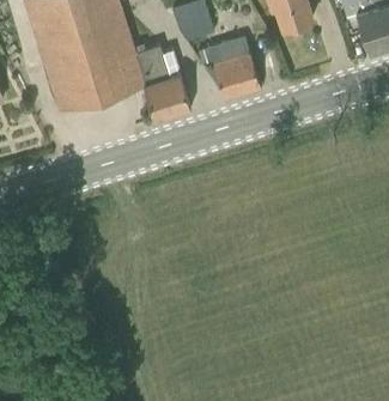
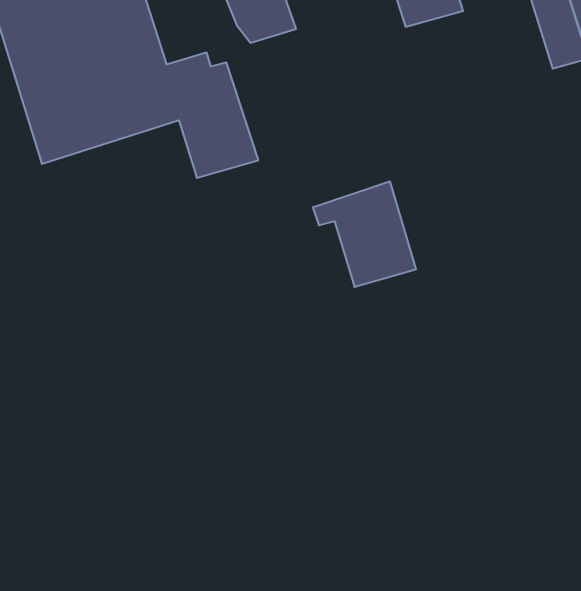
building: [197,36,260,99] -> [313,182,416,287]

